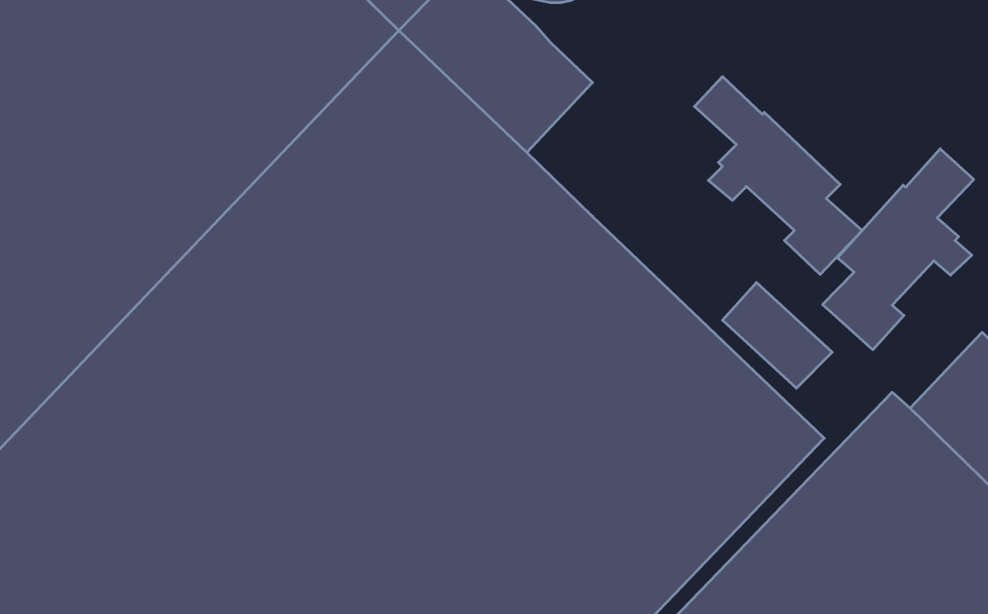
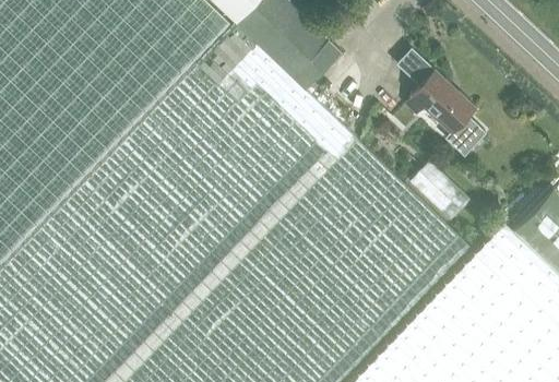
building: [823,149,974,350] -> none

